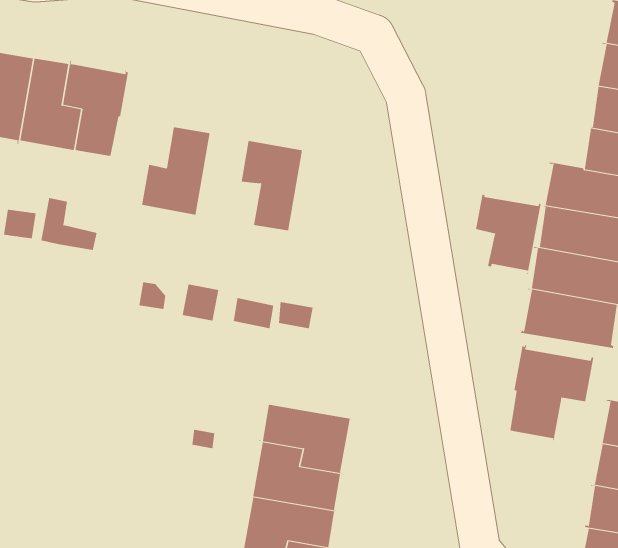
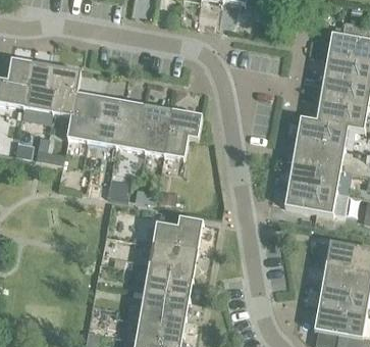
building: none -> [66,94,104,142]
building: none -> [115,100,149,152]
building: none -> [163,109,202,159]
building: [476,193,541,275] -> none
building: [510,344,594,443] -> none
building: none -> [151,216,203,251]

